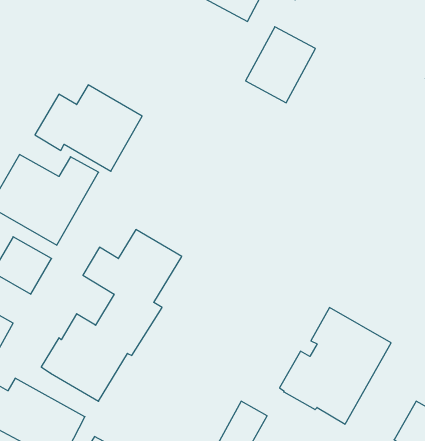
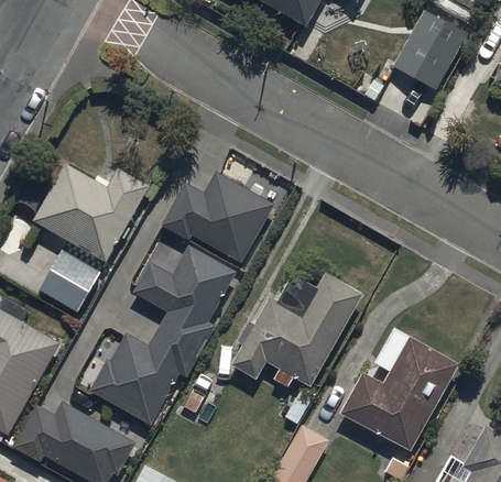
building: [246,27,315,103] -> [393,9,467,89]
building: [35,85,142,171] -> [160,173,273,264]
building: none -> [231,272,364,387]

